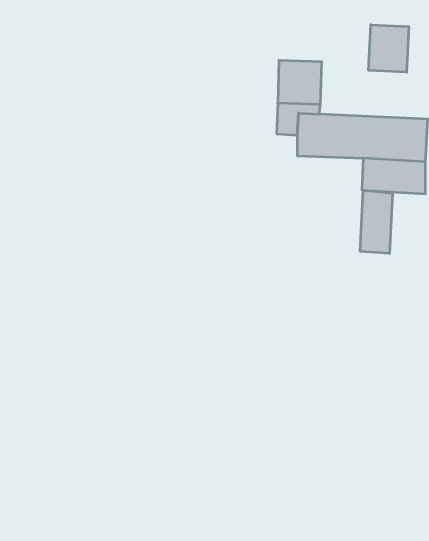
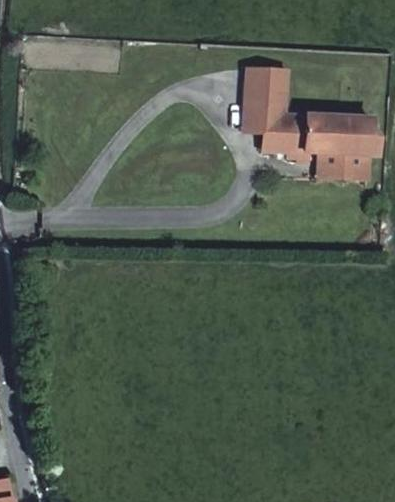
building: [369,25,409,72] -> none
building: [360,190,392,253] -> none

